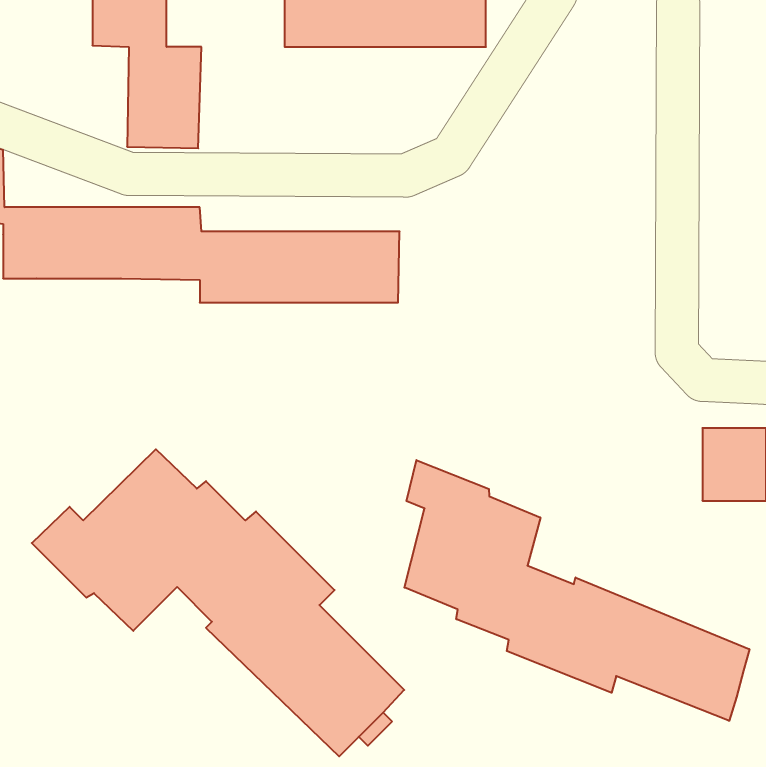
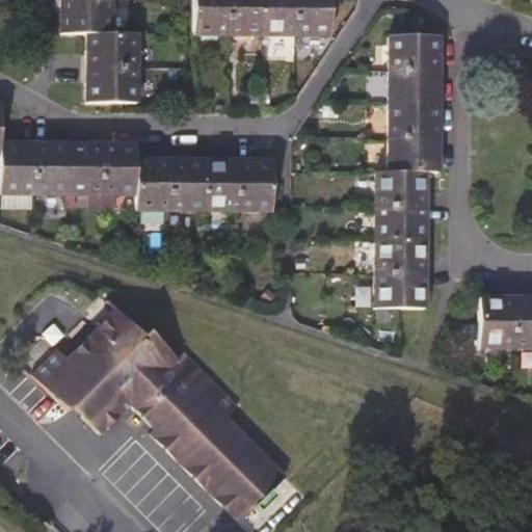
building: none -> [378,34,443,307]
building: [404,460,749,721] -> none

